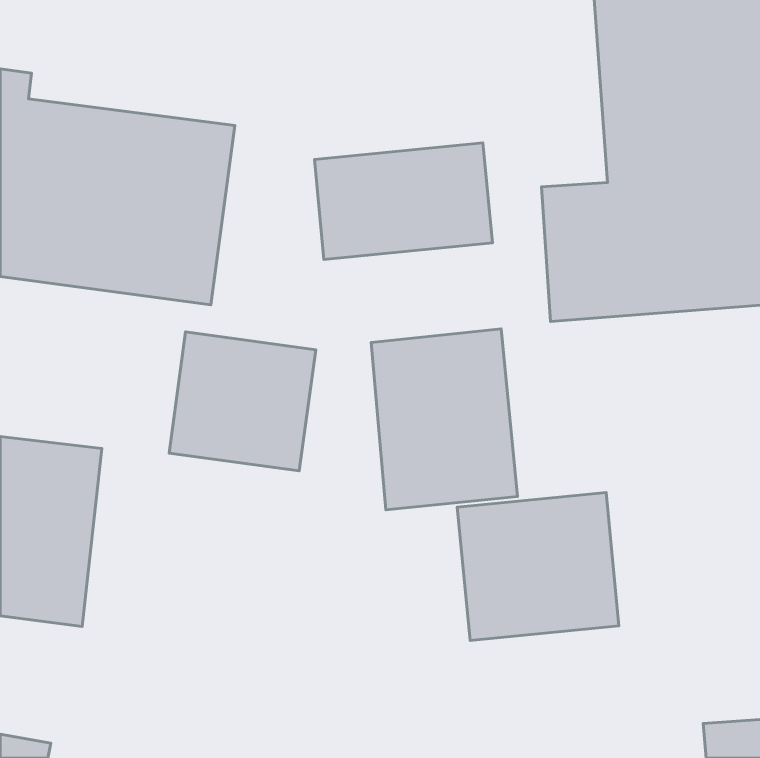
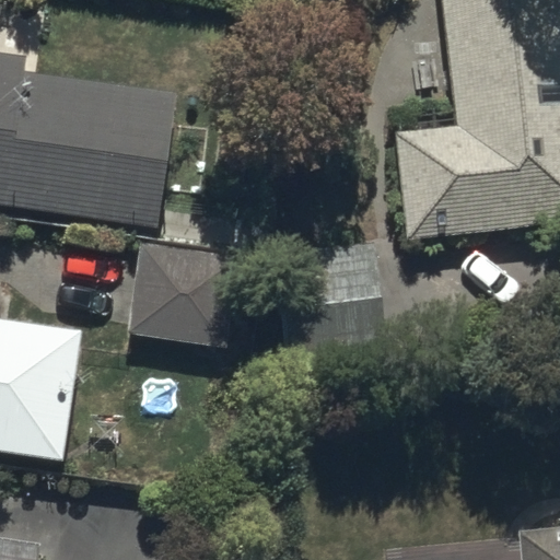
building: [314,143,492,259] -> none
building: [457,493,619,640] -> none

